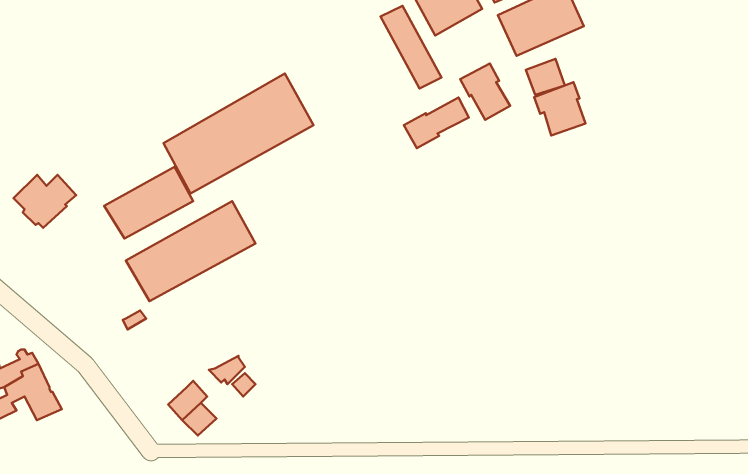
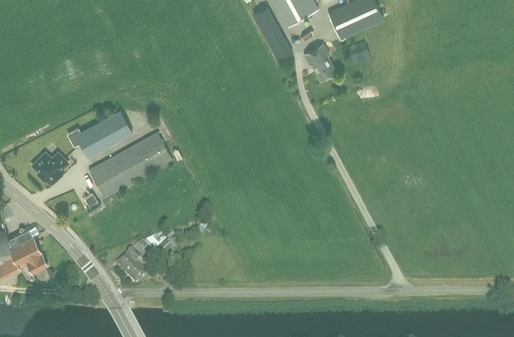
building: [163,74,313,193] -> none
building: [534,82,585,136] -> none
building: [404,98,469,148] -> none
building: [14,175,76,228] -> [29,150,69,185]

